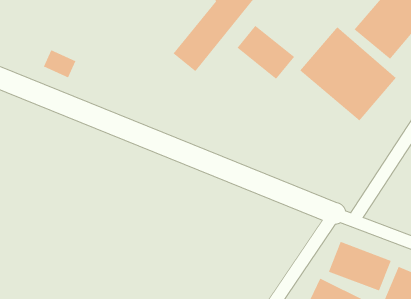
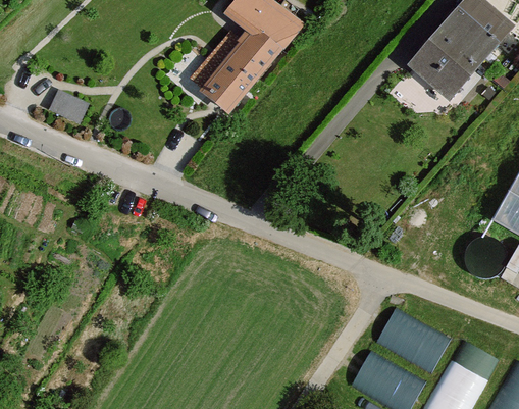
building: [236,25,295,80] -> none
building: [299,26,397,122] -> none

